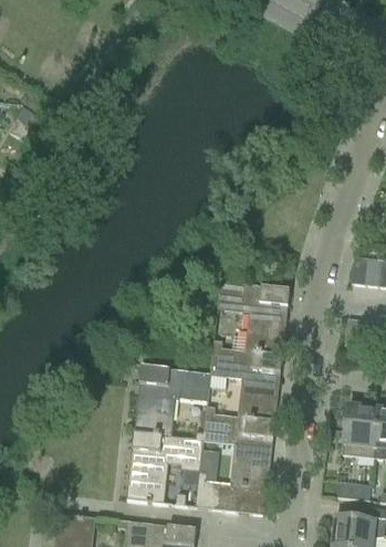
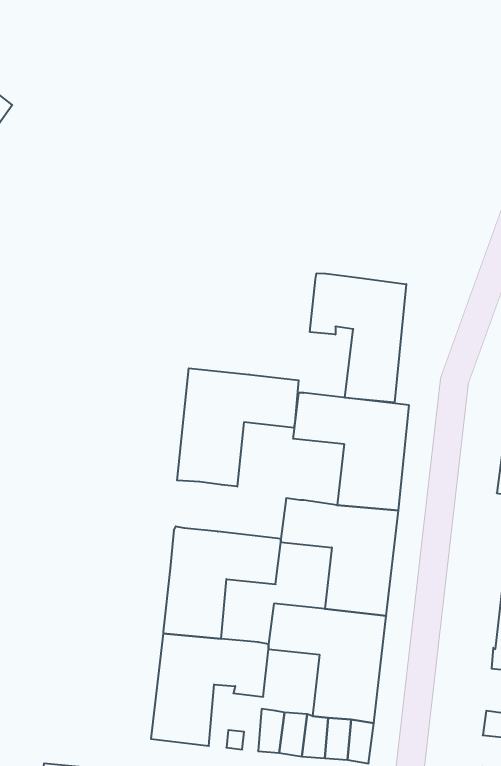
building: none -> [310,273,406,402]
building: none -> [177,368,299,487]

